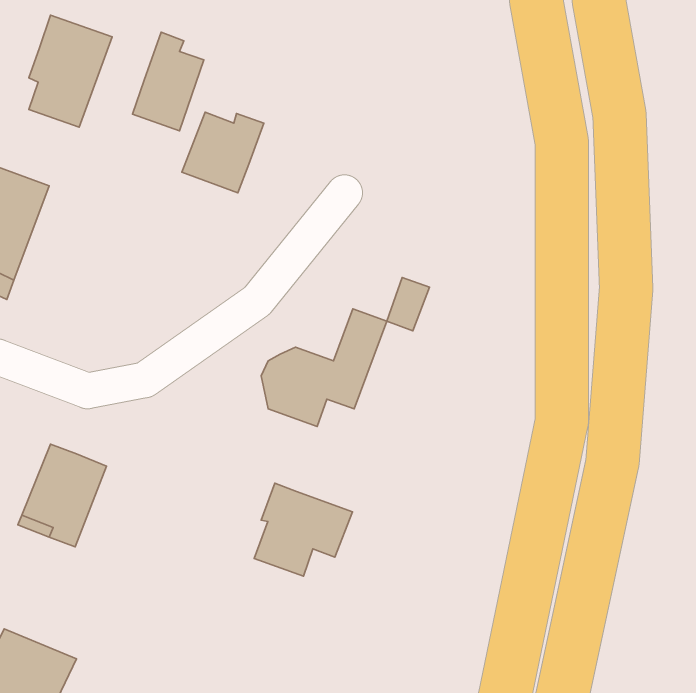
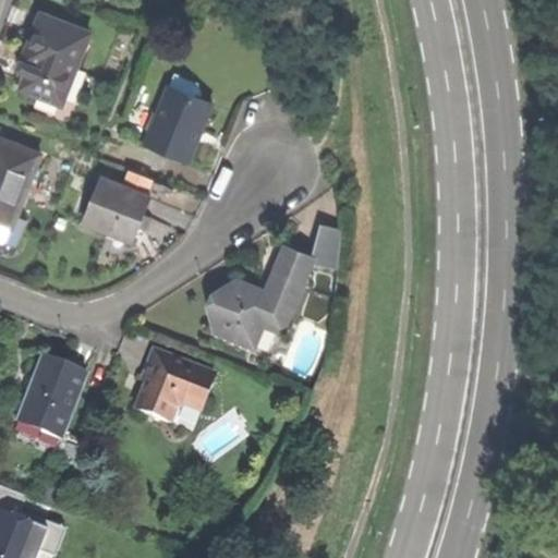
building: [132,32,204,131] -> none
building: none -> [83,179,150,242]
building: [254,483,353,576] -> [135,350,214,424]

